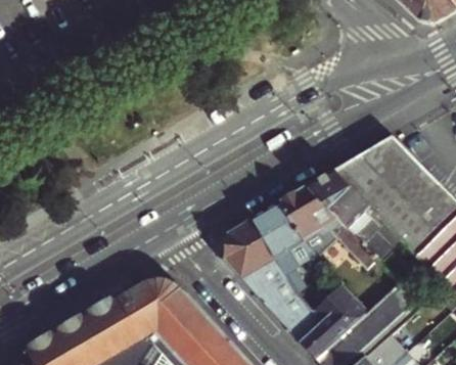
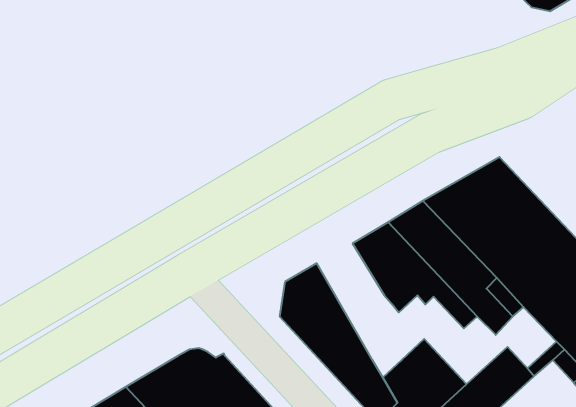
building: [250,201,310,291] -> none

